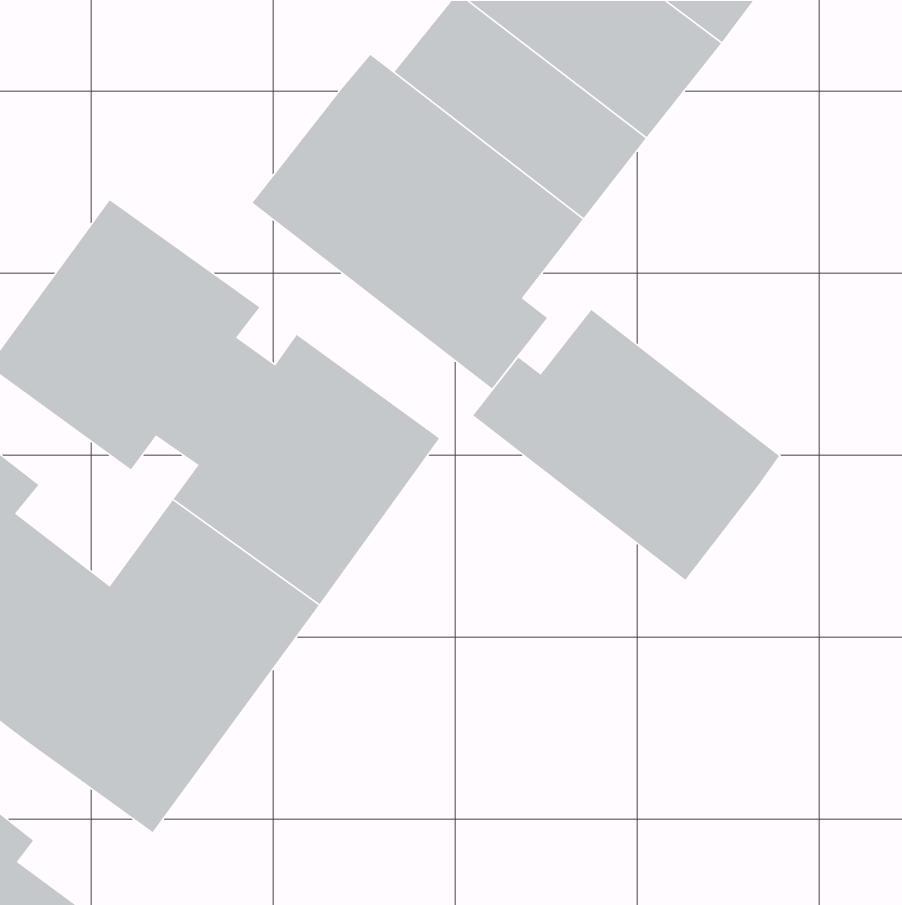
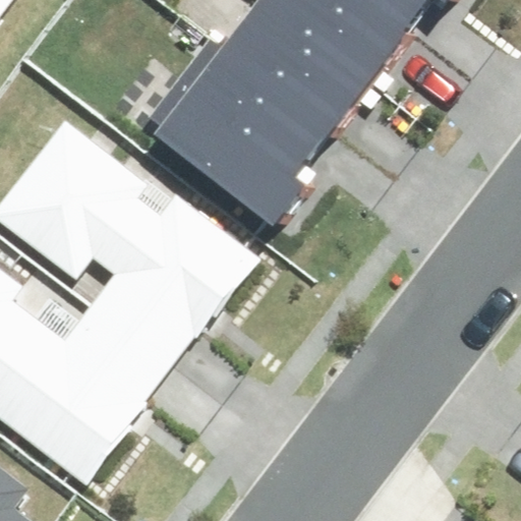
building: [472,309,780,581] -> none

